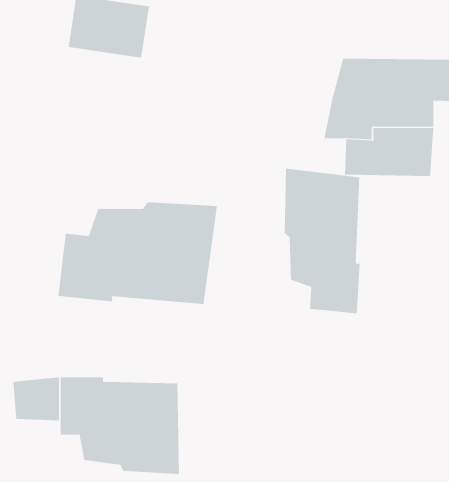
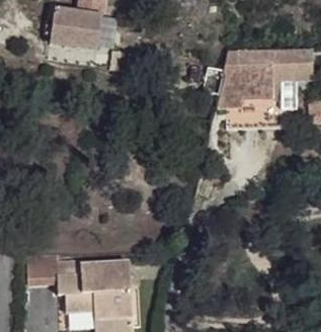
building: [284,168,360,314] -> none
building: [58,202,218,305] -> none

